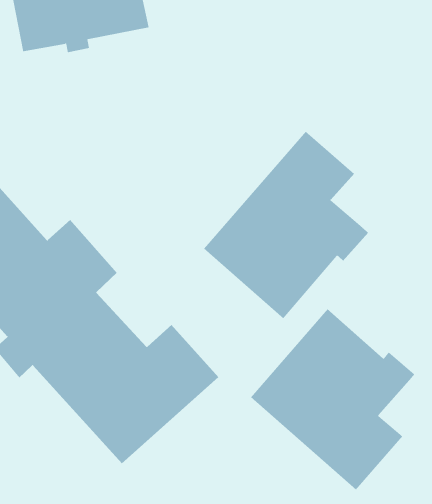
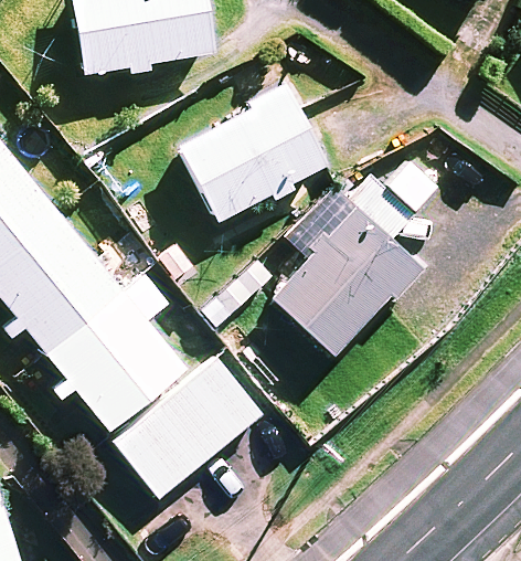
building: none -> [179,82,328,222]
building: [250,308,415,491] -> none

